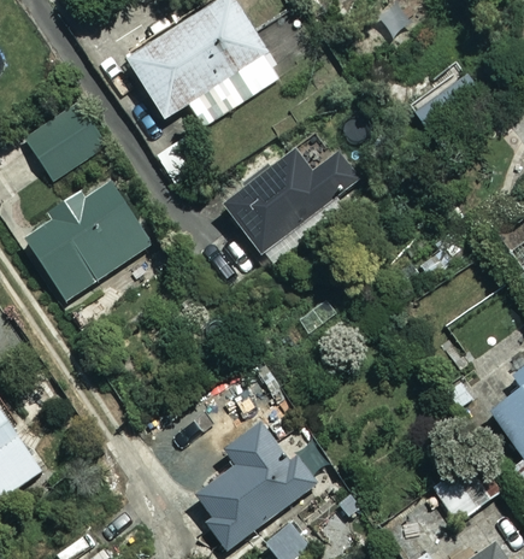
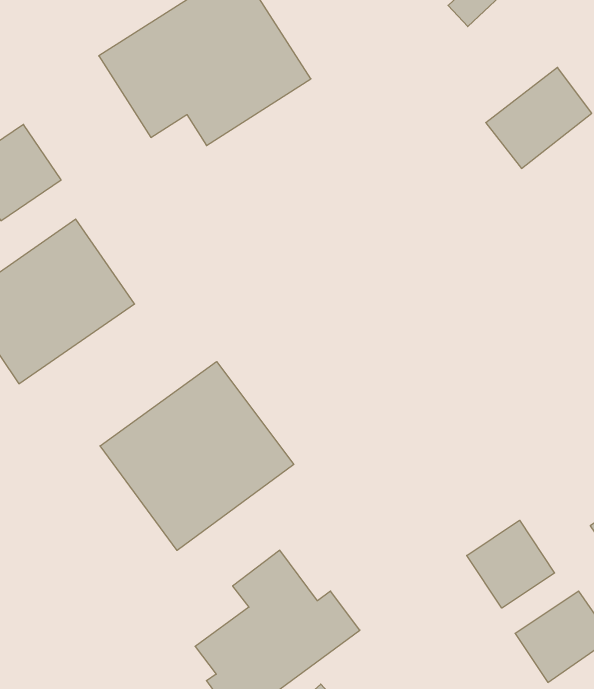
building: [223,133,348,252] -> none
building: none -> [100,362,294,550]
building: none -> [467,520,555,608]

